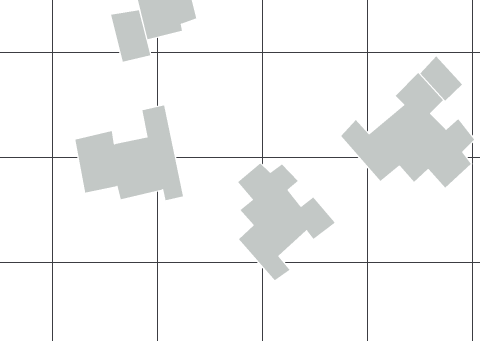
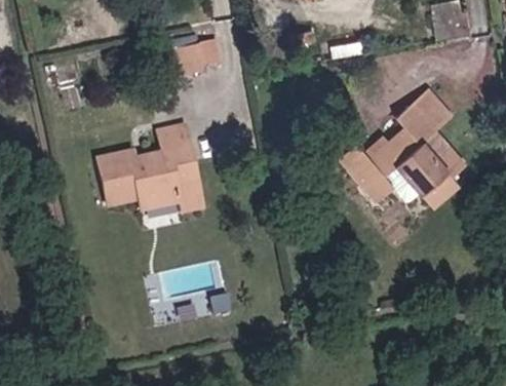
building: [111,9,151,63] -> none
building: [237,163,336,281] -> none

